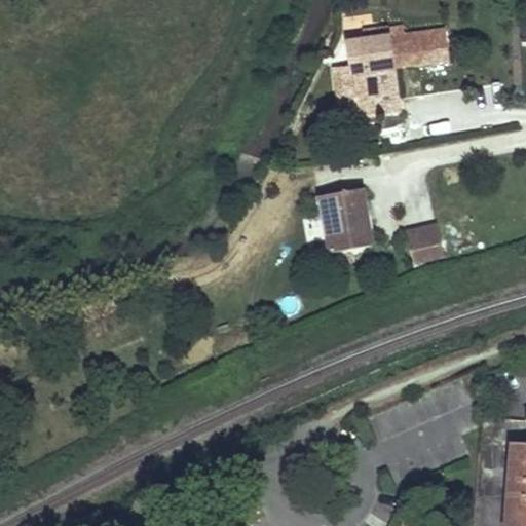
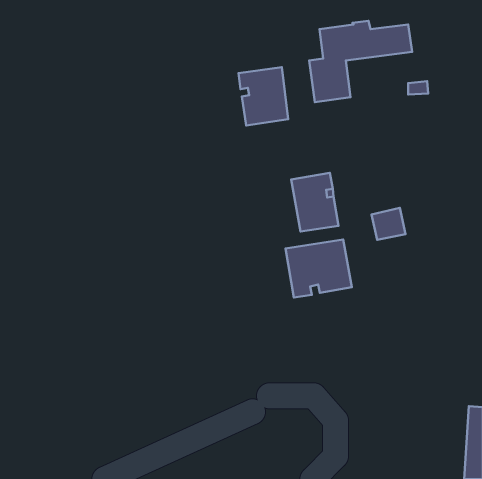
building: none -> [238,67,288,126]
building: none -> [286,239,352,298]

